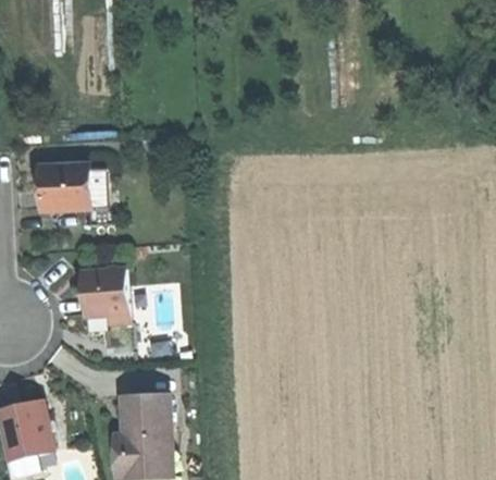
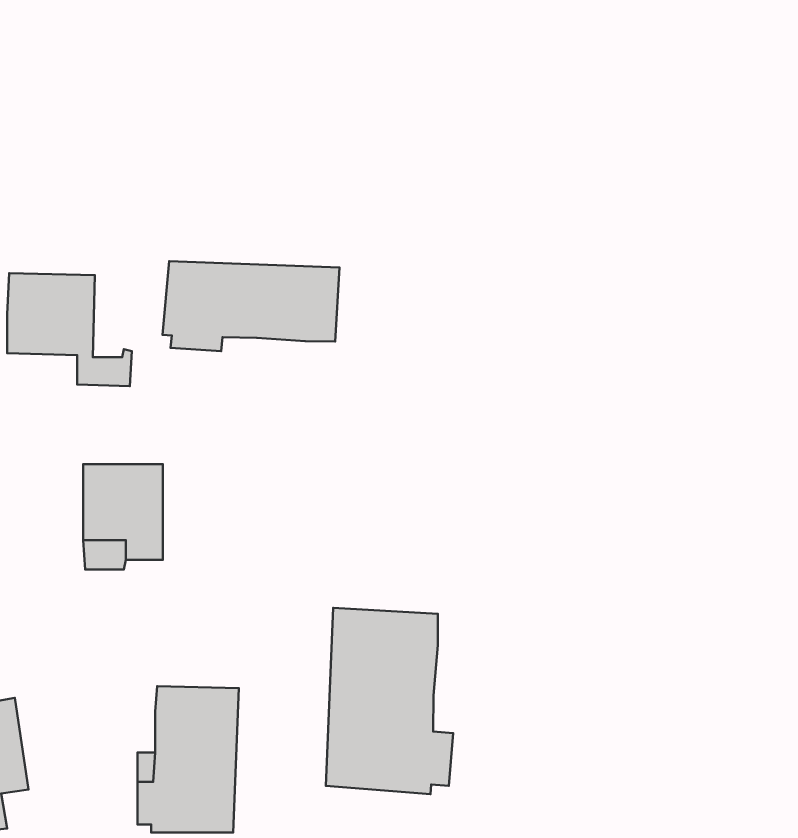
building: none -> [163,261,340,351]
building: none -> [326,608,453,794]

